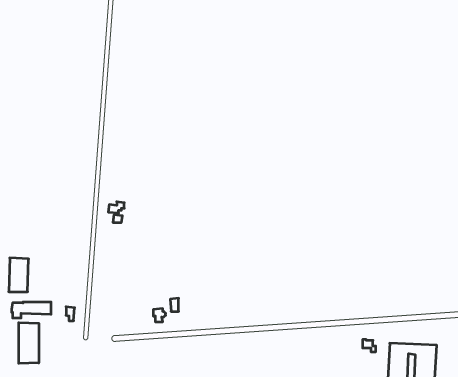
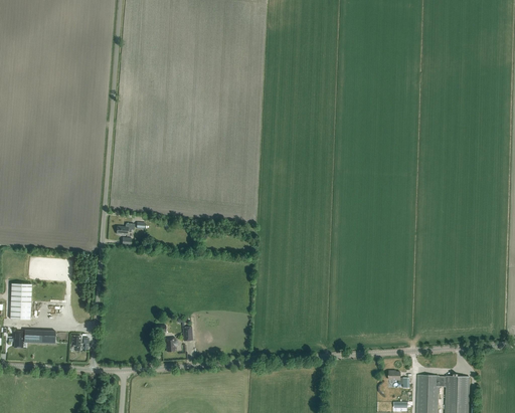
building: [19,323,39,363] -> none

